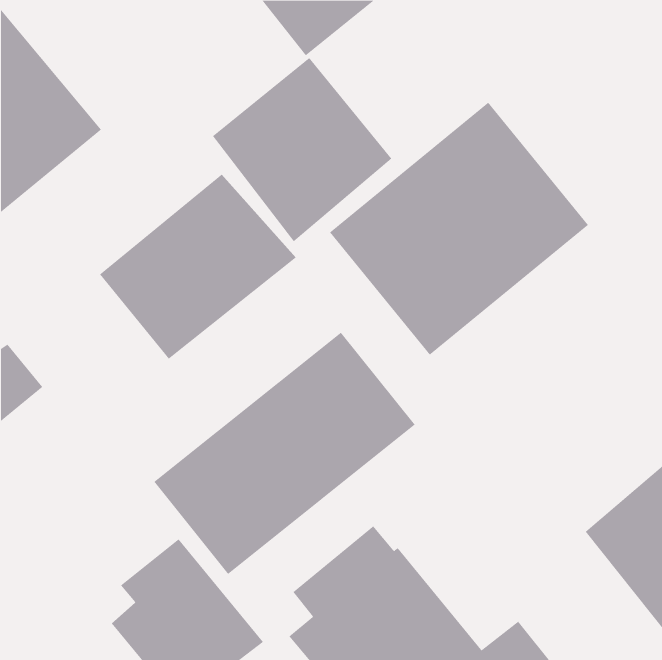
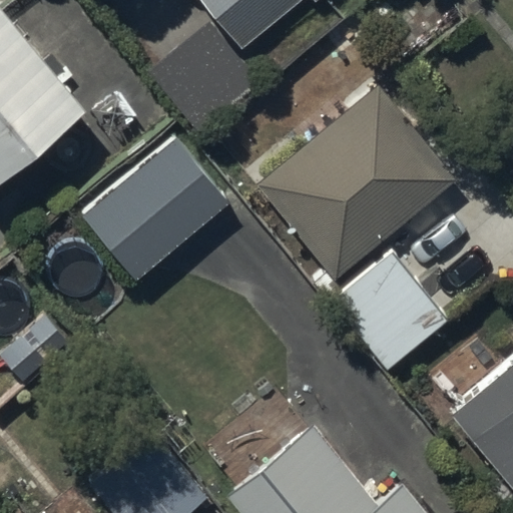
building: [212,57,392,242] -> none
building: none -> [333,254,447,371]
building: [154,332,415,575] -> none

